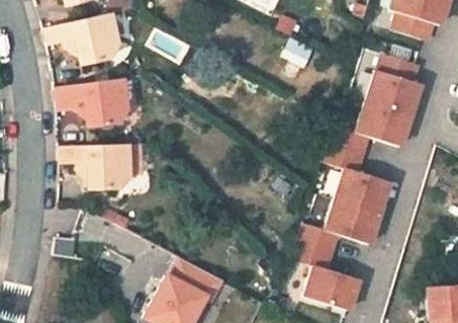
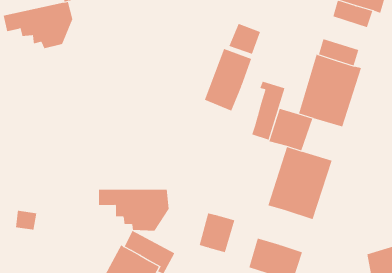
building: none -> [204,48,252,112]
building: [52,79,125,125] -> none
building: none -> [251,81,285,140]
building: [54,143,129,187] -> [98,189,169,231]
building: [301,227,340,269] -> [199,213,235,253]

